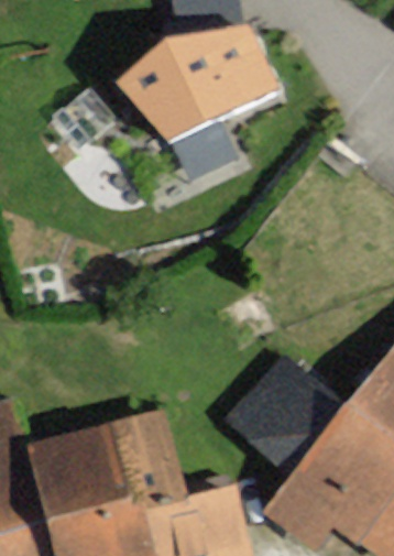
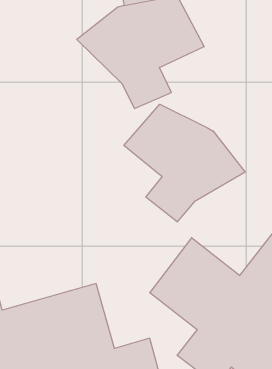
building: none -> [124,104,245,222]

